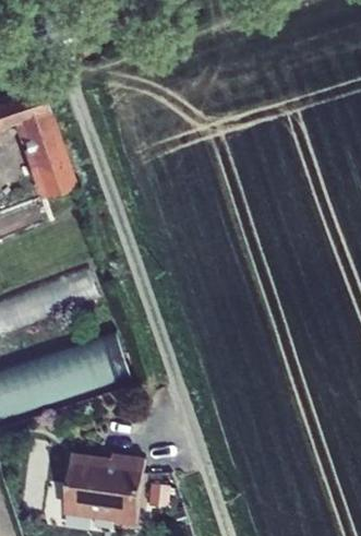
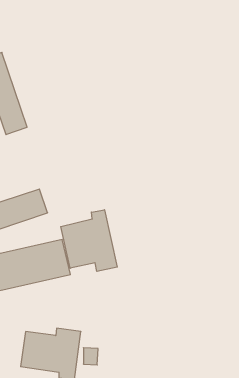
building: none -> [61,210,117,271]

